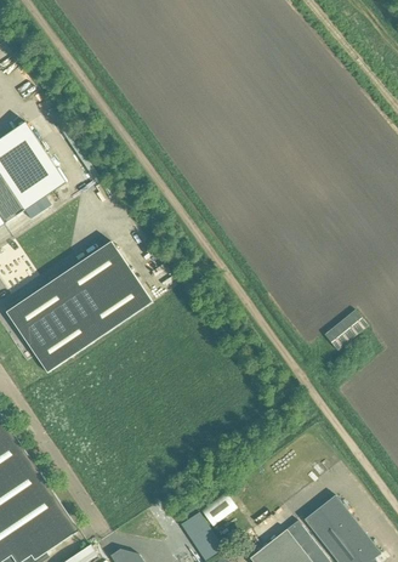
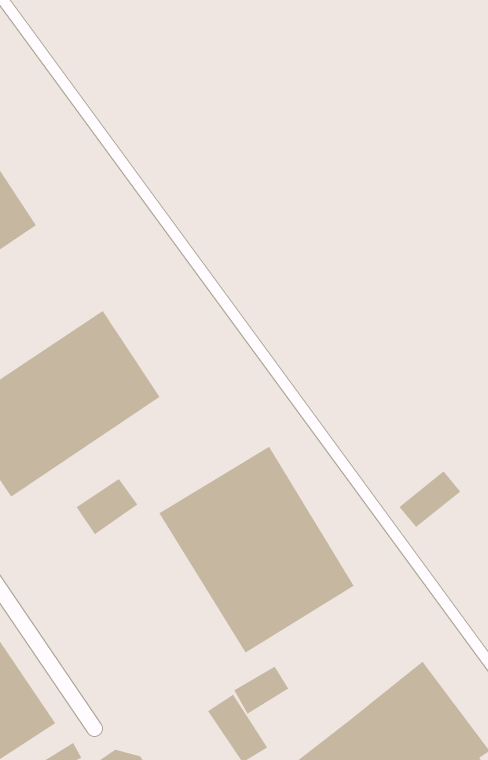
building: [322,310,365,350] -> [398,471,461,528]
building: none -> [159,446,354,654]
building: none -> [76,478,138,535]

